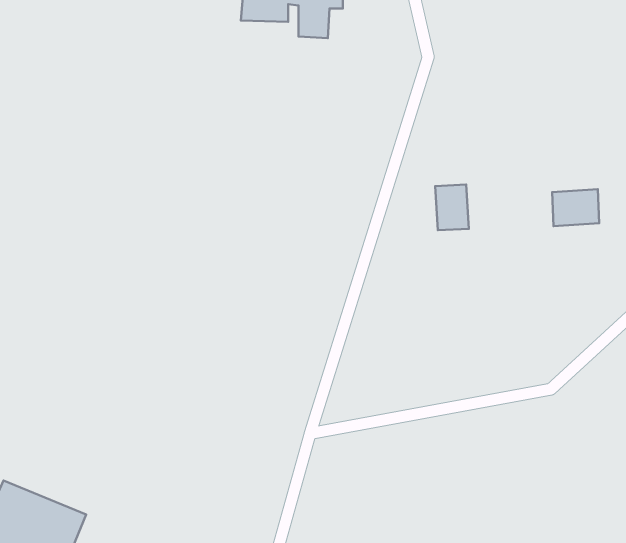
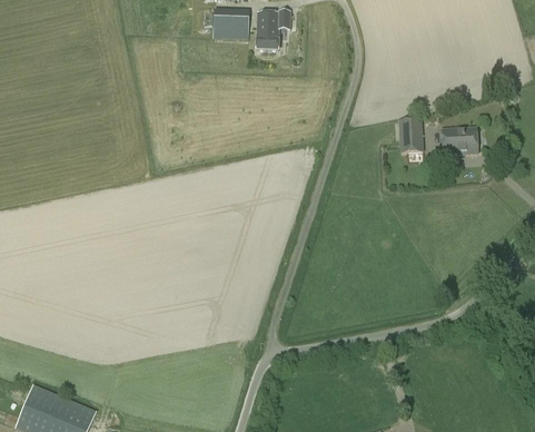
building: [435,185,469,230] -> [398,118,424,153]
building: [552,189,599,226] -> [442,127,477,155]

